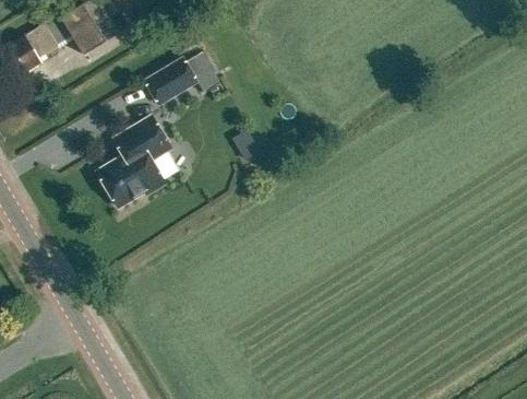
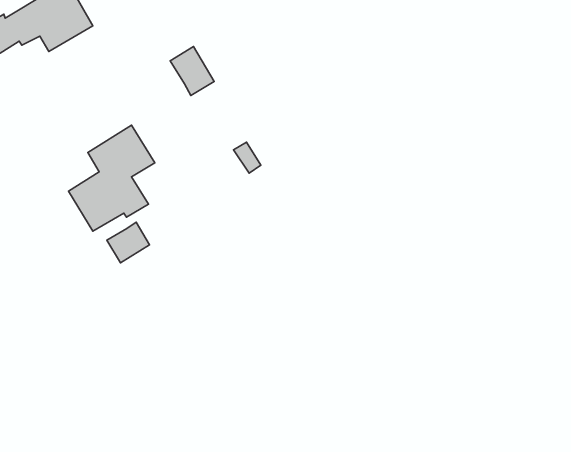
building: [145,59,195,105] -> none
building: none -> [107,222,150,263]

